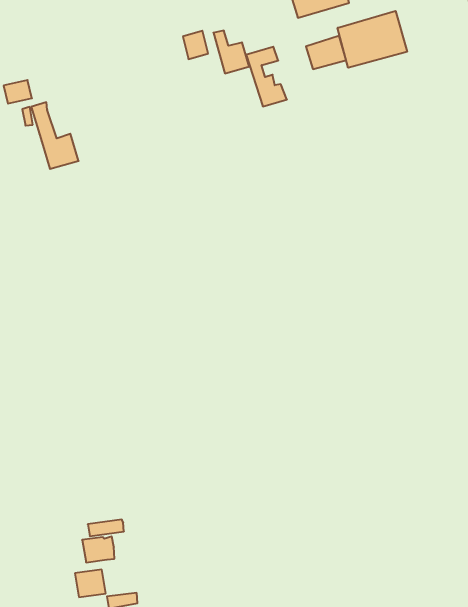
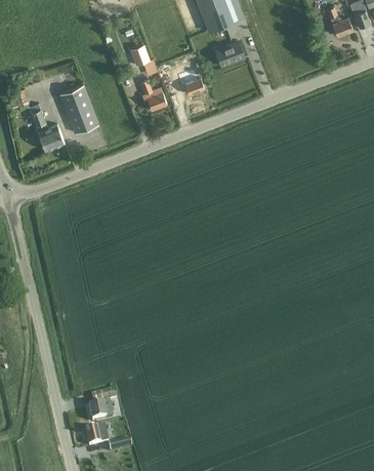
building: [338,11,407,68] -> none
building: [213,31,249,73] -> [141,80,168,110]
building: none -> [59,85,98,132]

